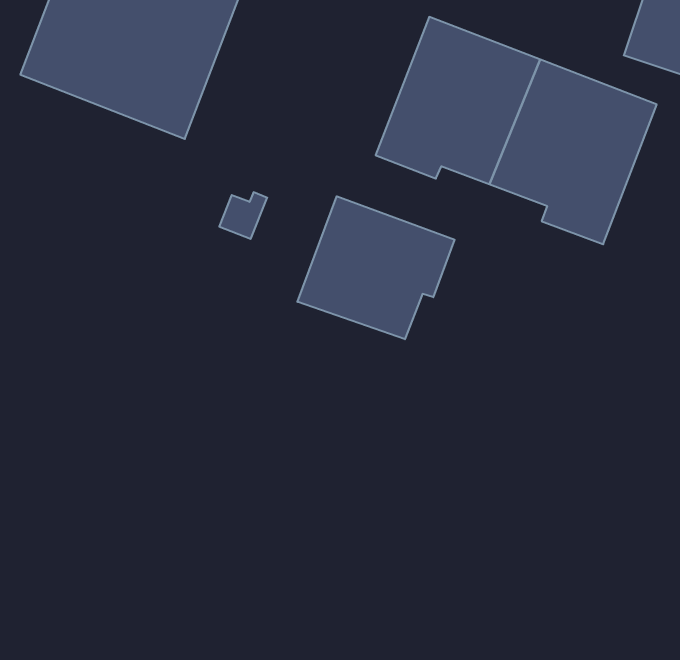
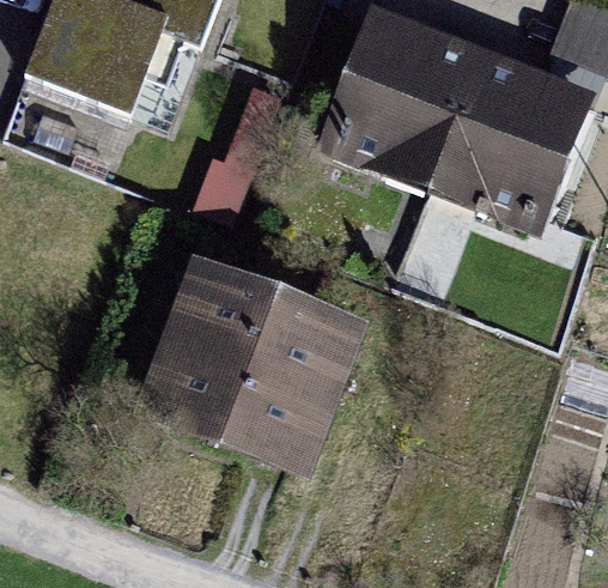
building: [297,196,455,339] -> none
building: none -> [174,281,346,455]

